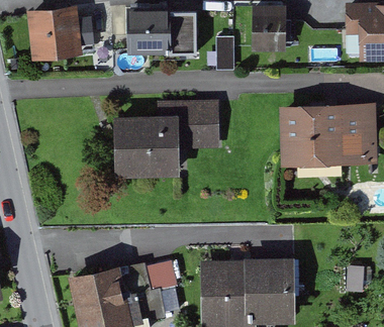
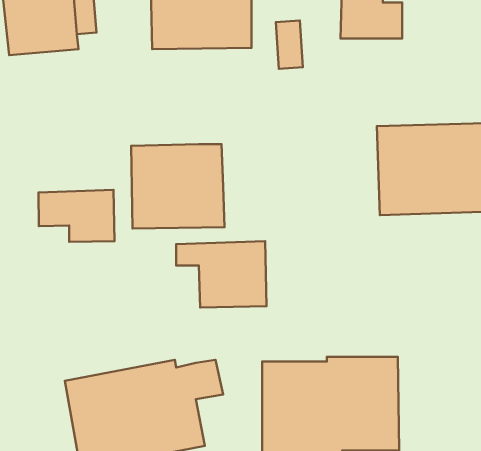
building: [160,102,220,146] -> [176,241,267,308]
building: none -> [38,190,114,242]

